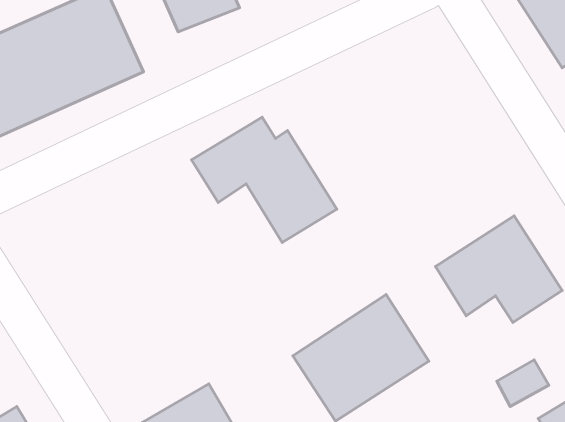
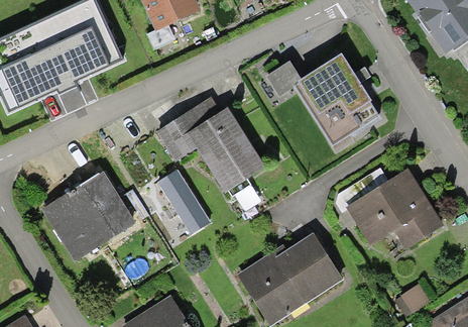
building: none -> [260,53,384,149]
building: none -> [160,167,216,233]
building: none -> [43,170,138,262]

